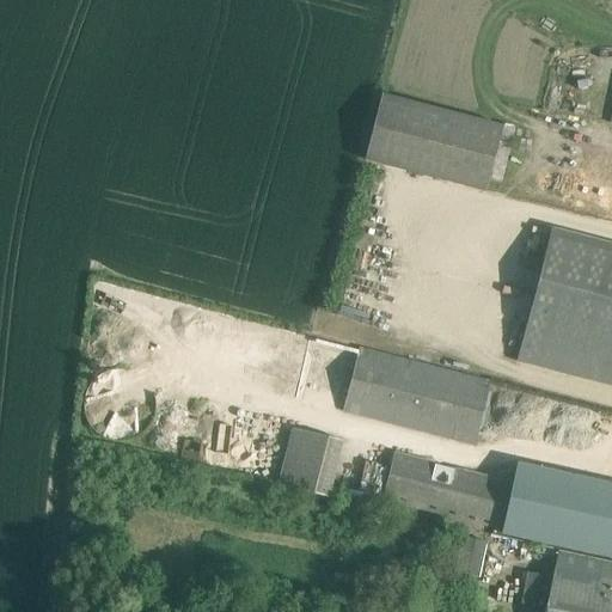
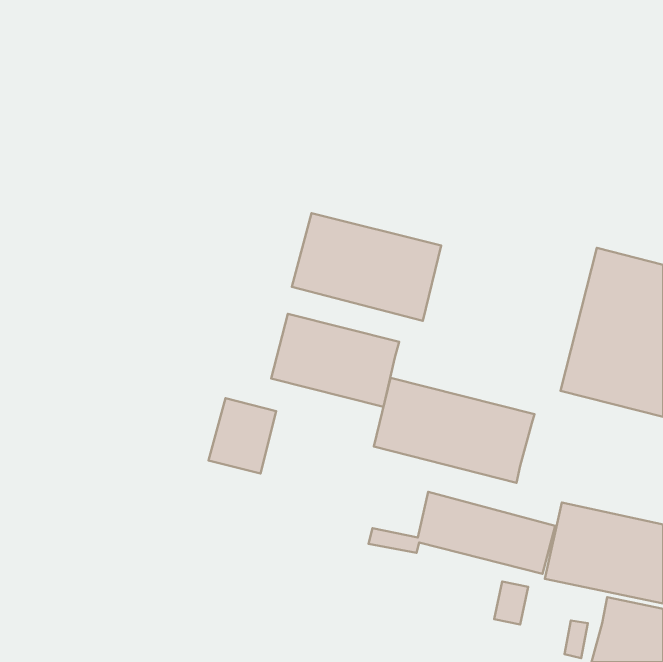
building: [365,92,502,191] -> [292,213,441,321]
building: none -> [271,314,399,407]
building: [281,428,343,497] -> [209,398,276,473]

